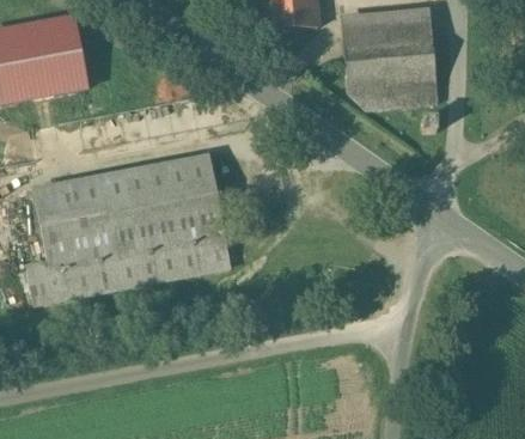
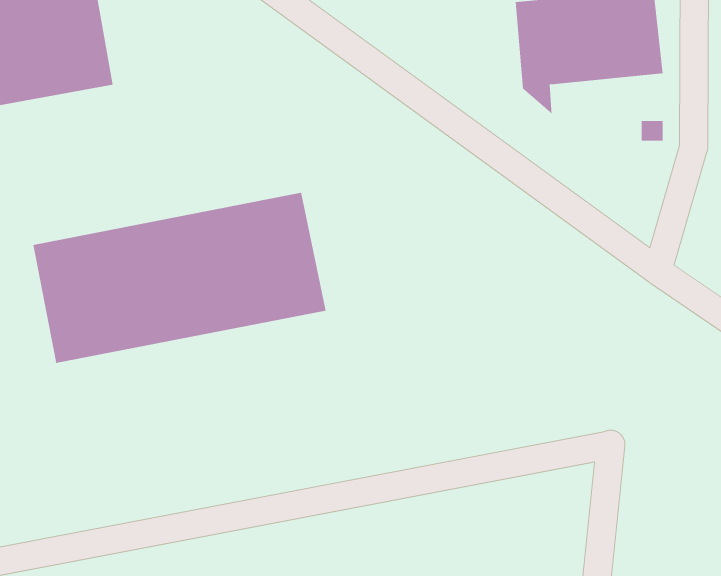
building: [365,80,438,106] -> none
building: [29,231,228,303] -> none

